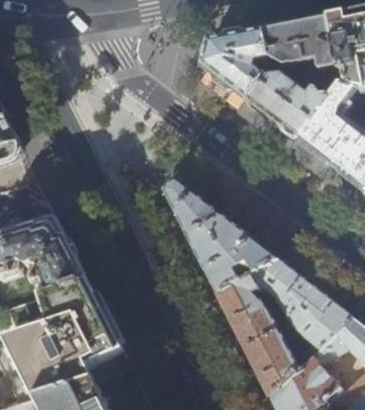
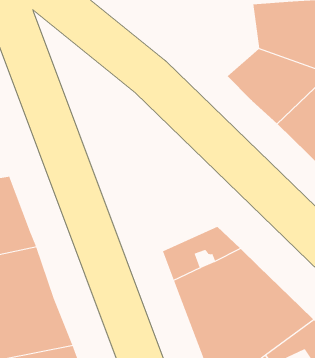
building: [199,27,270,97] -> none
building: [162,178,251,267] -> none

